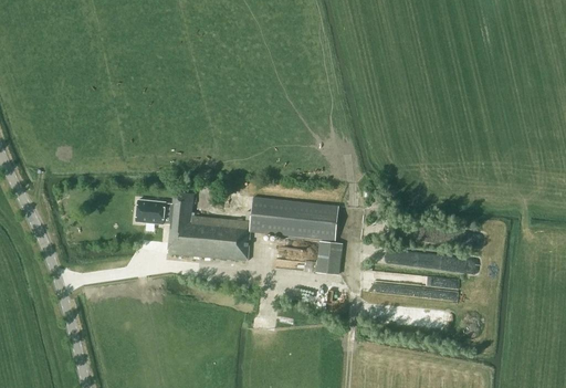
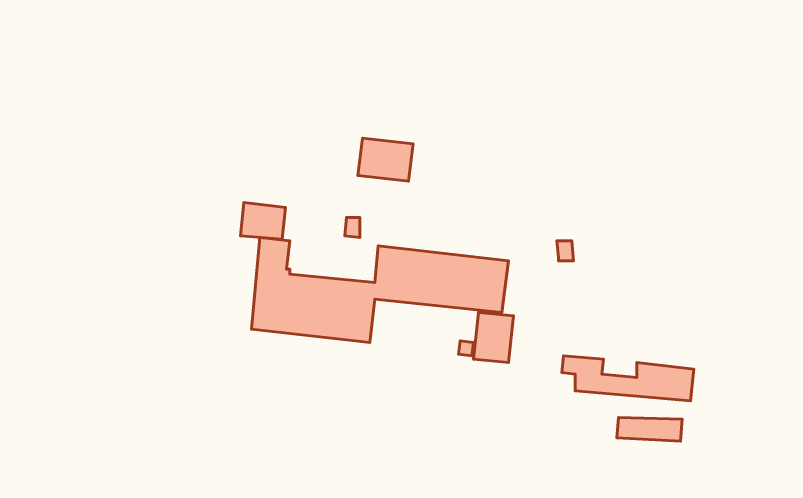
building: none -> [358,138,413,181]
building: [135,200,165,224] -> [240,203,285,239]

